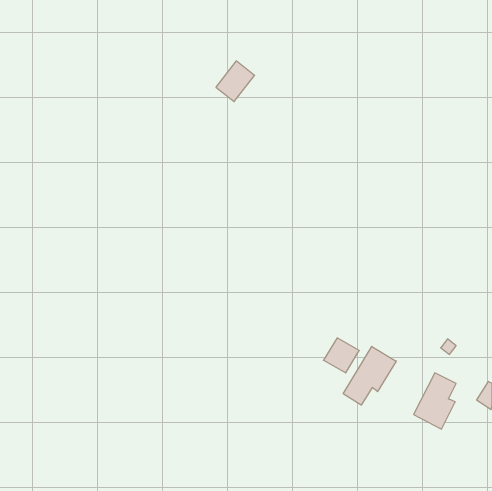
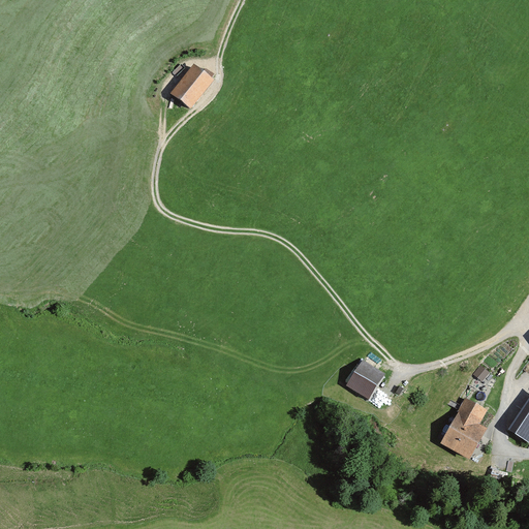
building: [216,61,255,102] -> [170,65,212,108]
building: [343,346,396,405] -> none

